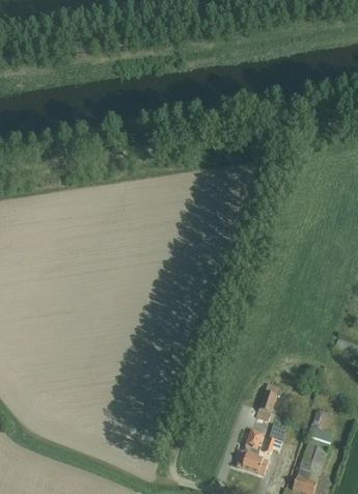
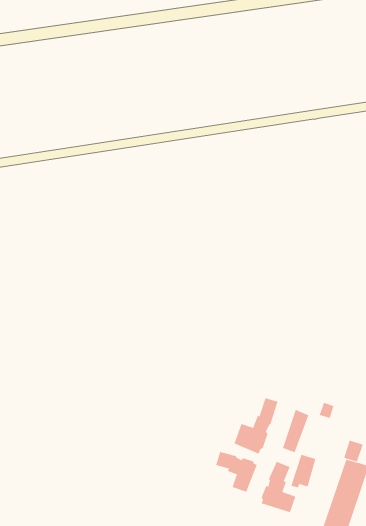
building: none -> [234,397,278,454]
building: none -> [215,451,257,493]

